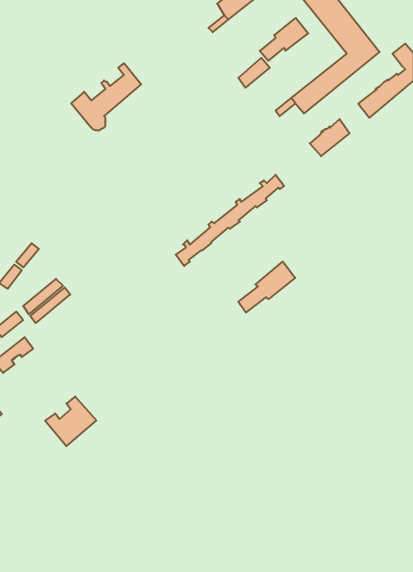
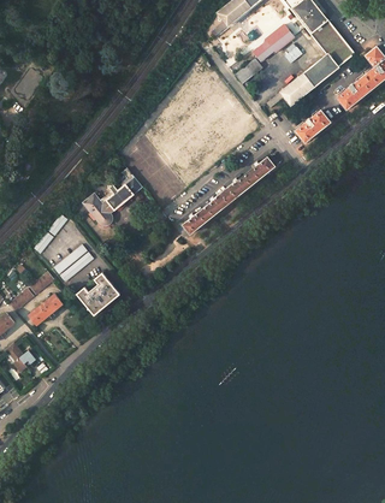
building: [71,63,141,130] -> [82,170,141,226]
building: [238,262,295,313] -> none
building: [45,396,96,446] -> [76,273,119,315]

